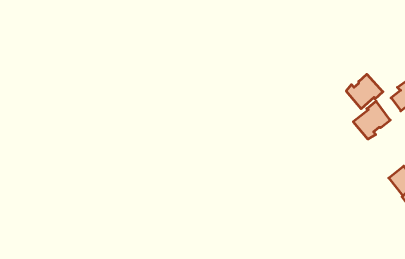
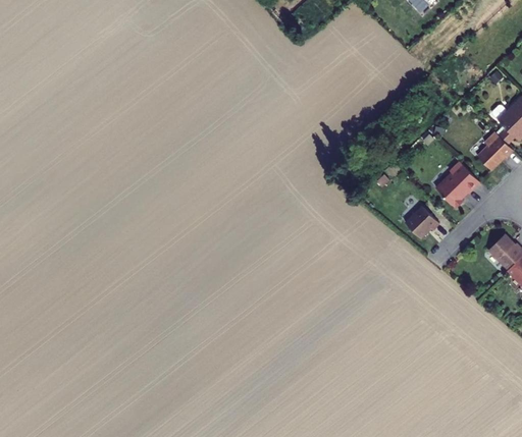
building: [347,74,383,109] -> none
building: none -> [407,206,441,238]

